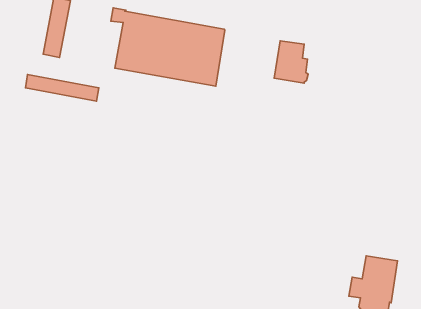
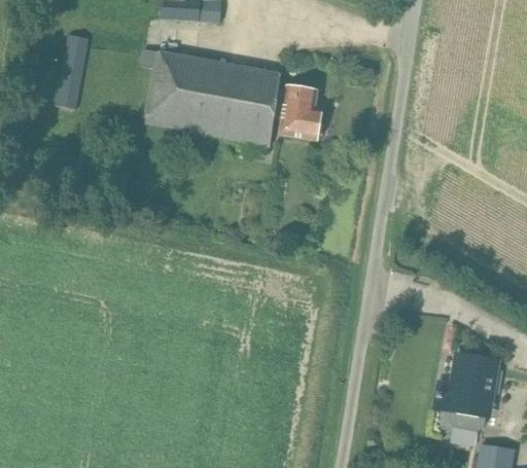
building: [274,41,308,83] -> [279,86,321,139]
building: [25,74,99,101] -> none

